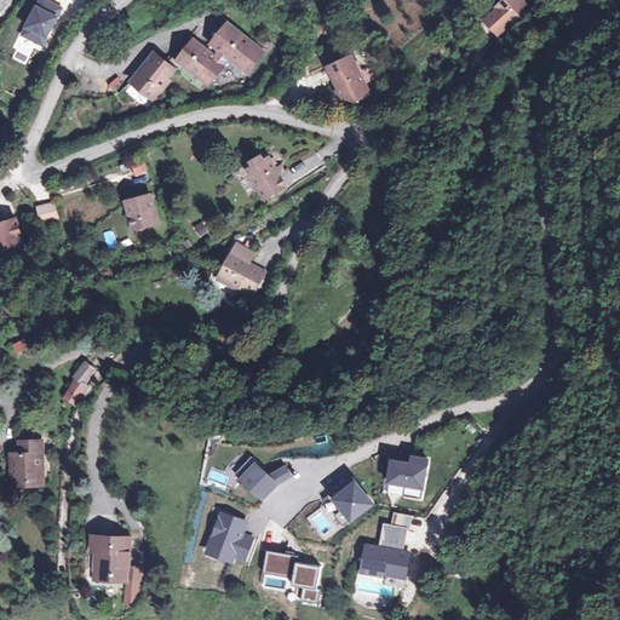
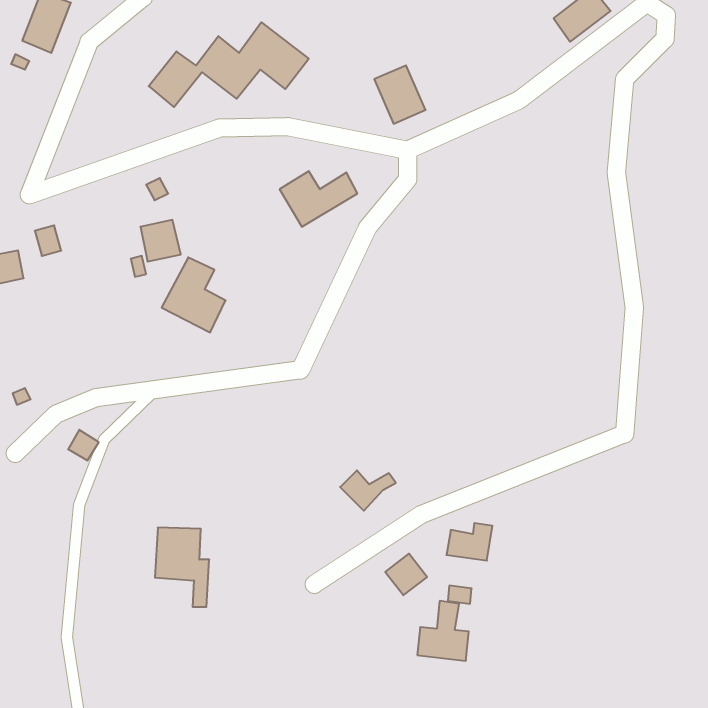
building: [212,237,268,303] -> [162,257,226,332]
building: [5,438,41,489] -> none
building: [241,464,289,499] -> [340,470,396,511]
building: [206,512,252,561] -> none
building: [90,535,137,604] -> [155,528,209,607]
building: [265,553,320,603] -> none

